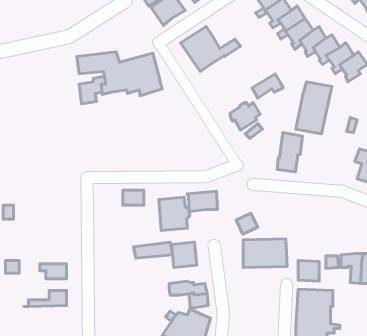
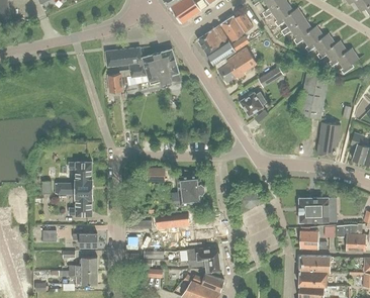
building: none -> [220,13,253,41]
building: none -> [213,47,256,83]
building: [277,133,303,172] -> [316,122,339,157]
building: none -> [55,162,92,216]
building: [187,191,217,212] -> none
building: [243,239,287,268] -> [298,197,337,222]
building: none -> [59,270,96,284]

